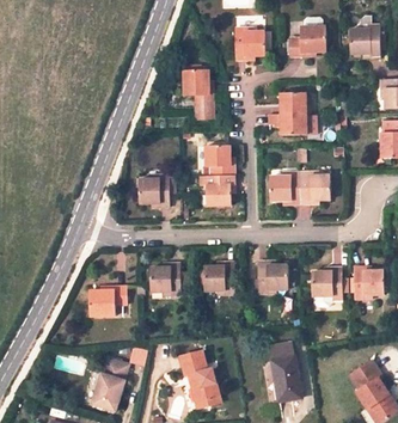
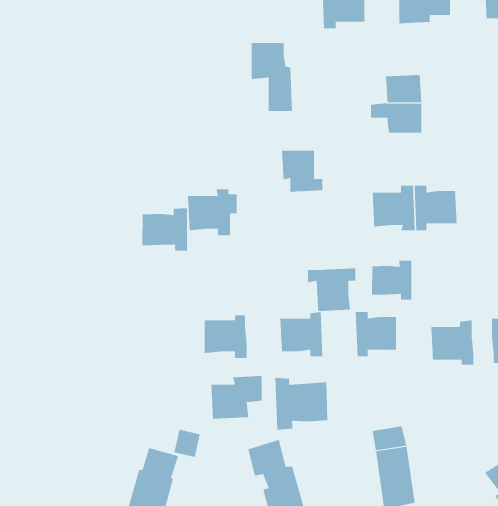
building: [200,176,234,207] -> [307,268,356,312]
building: none -> [142,208,188,252]
building: none -> [371,260,412,301]
building: [88,286,125,317] -> [210,376,263,419]
building: none -> [275,377,328,430]

